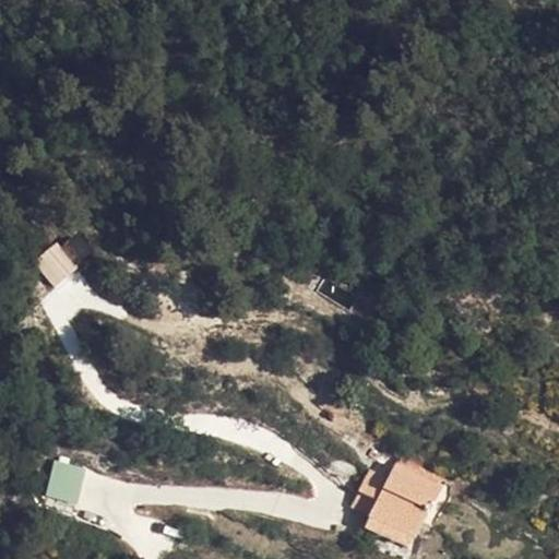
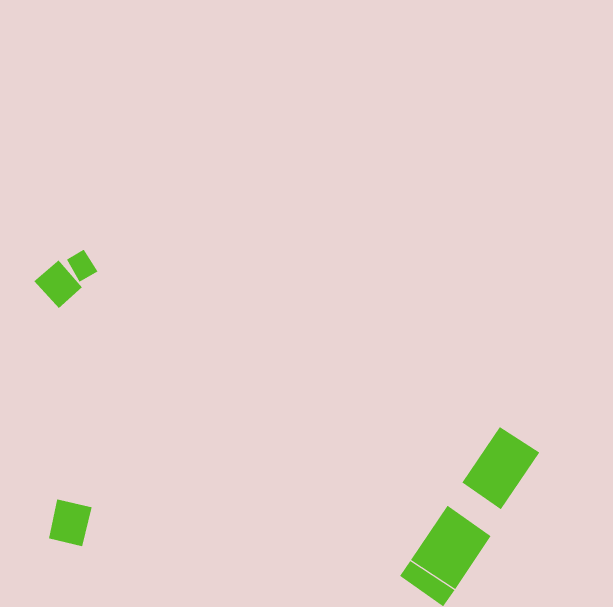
building: none -> [461,426,540,510]

